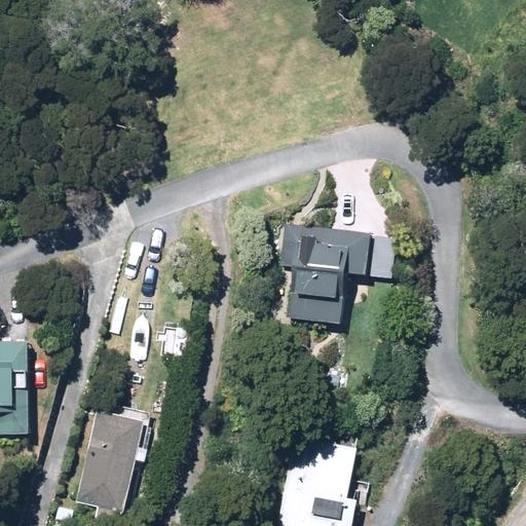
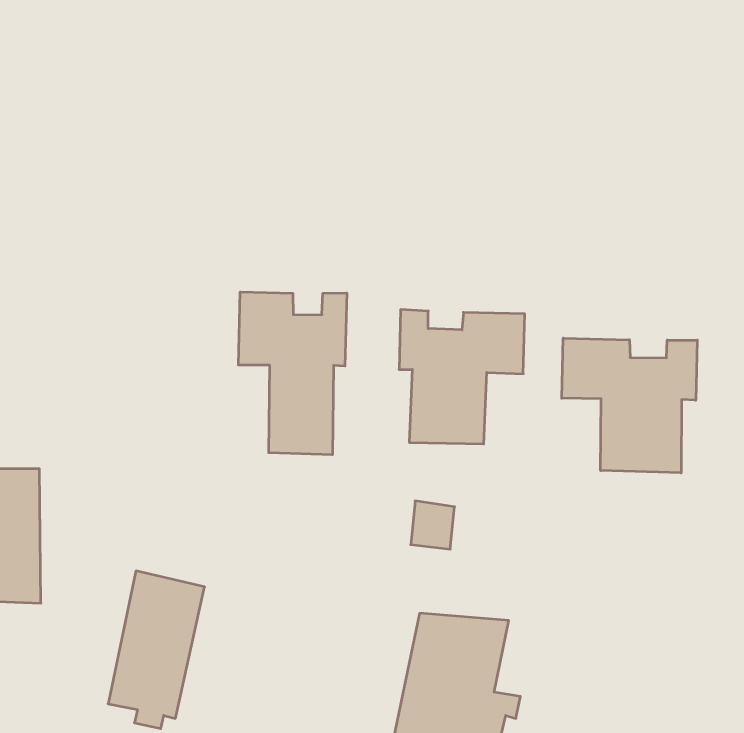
building: none -> [238,292,347,455]
building: none -> [562,338,697,473]

